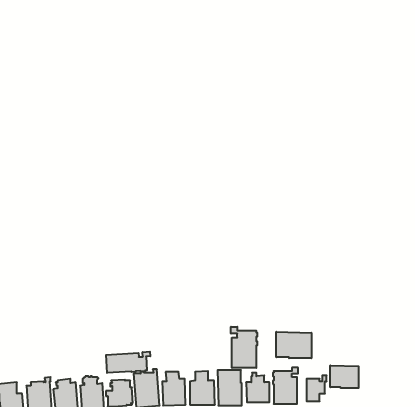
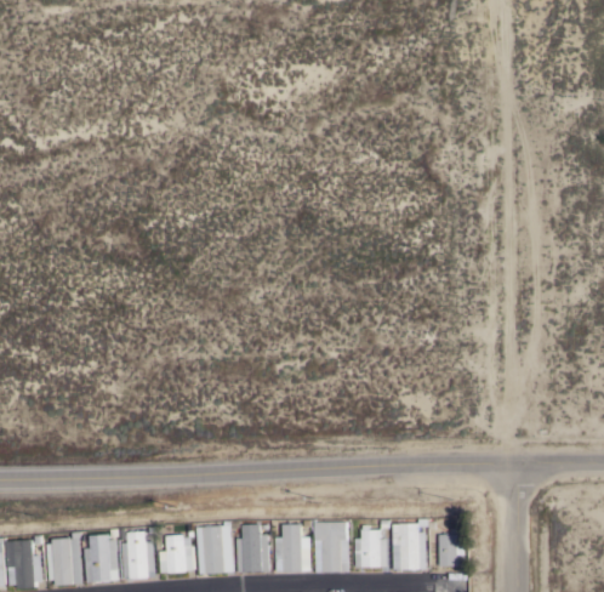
building: [231,327,257,368] -> none
building: [276,332,311,358] -> none
building: [106,352,150,373] -> none
building: [330,365,359,388] -> none

